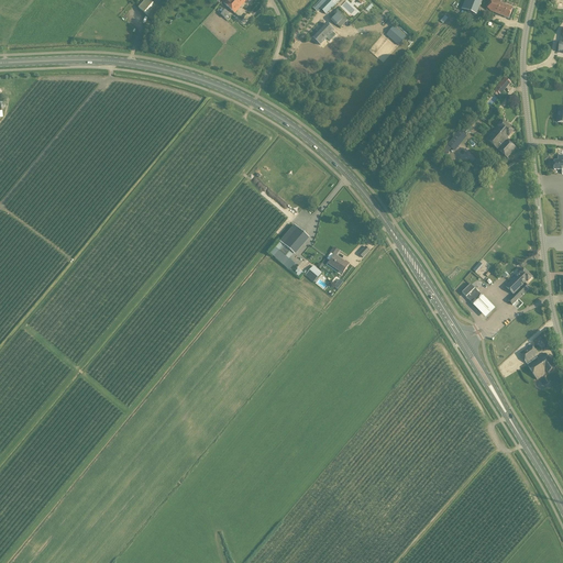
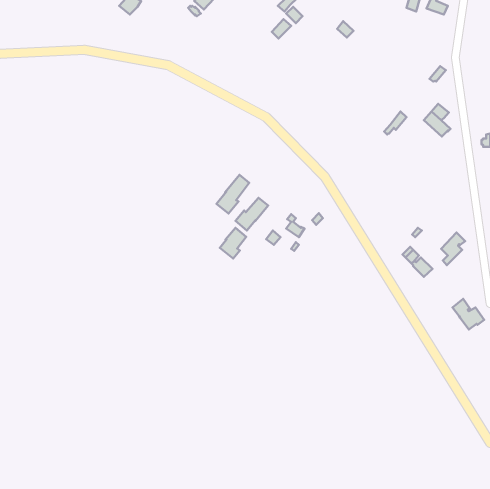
building: none -> [216,175,249,214]
building: none -> [220,228,246,259]

